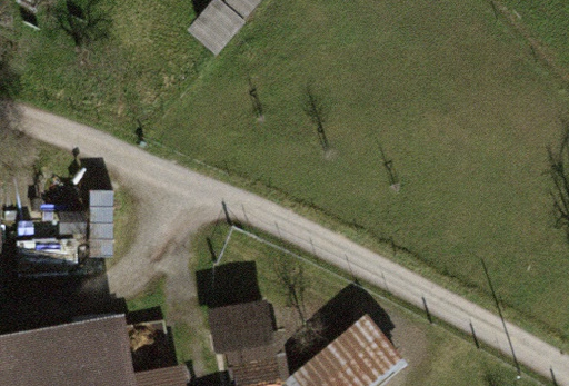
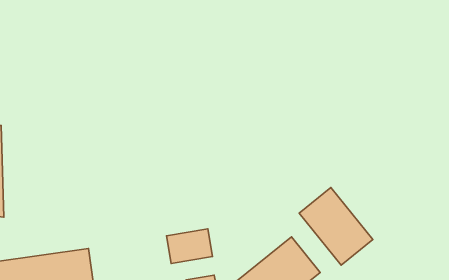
building: none -> [299,188,373,265]

